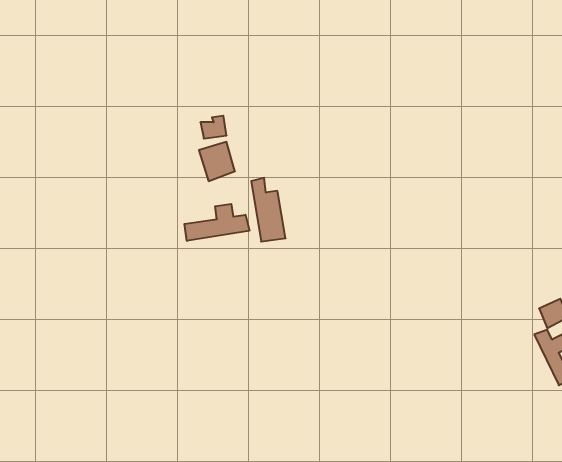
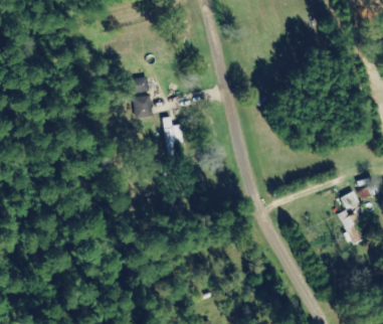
building: [184,204,249,241] -> none

